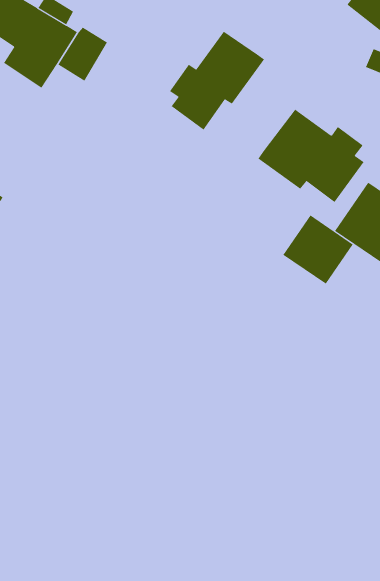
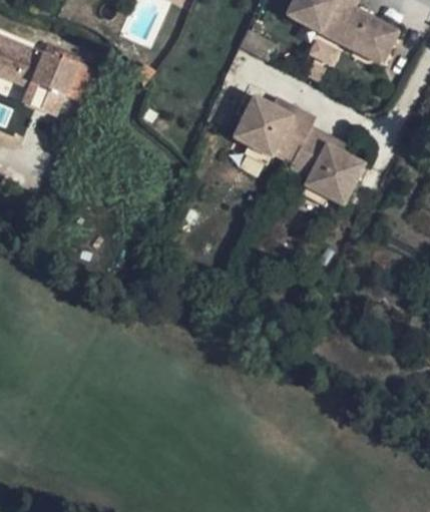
building: [169,31,265,130] -> none
building: [283,215,354,285] -> none

